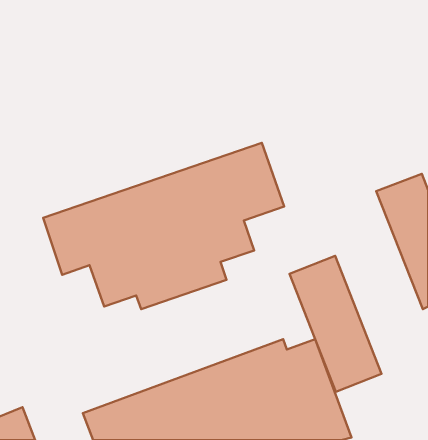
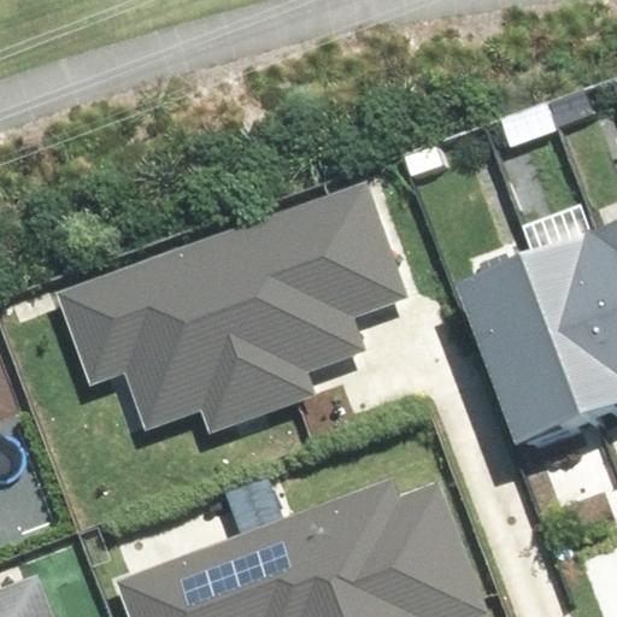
building: [289,256,382,392] -> [463,268,592,458]

